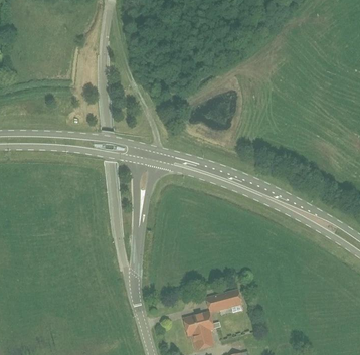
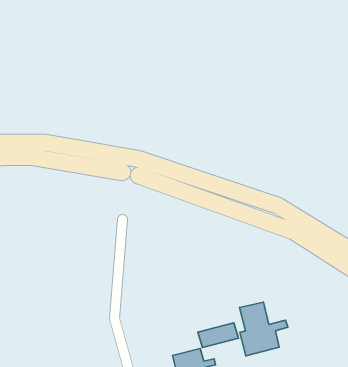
building: none -> [239,302,288,356]

